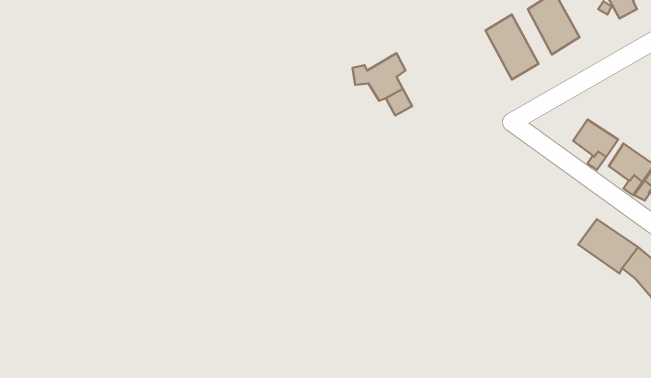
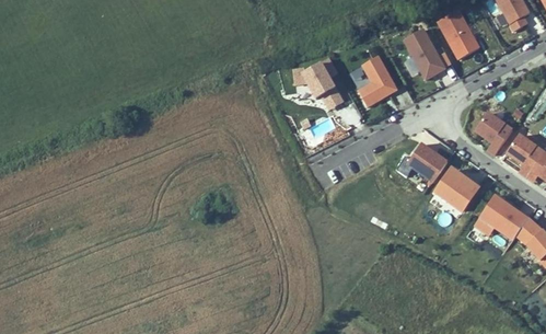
building: none -> [358,55,398,107]
building: none -> [407,141,448,181]
building: none -> [435,170,478,210]

